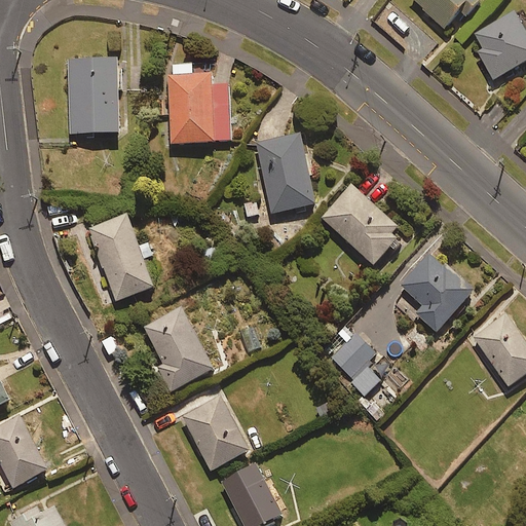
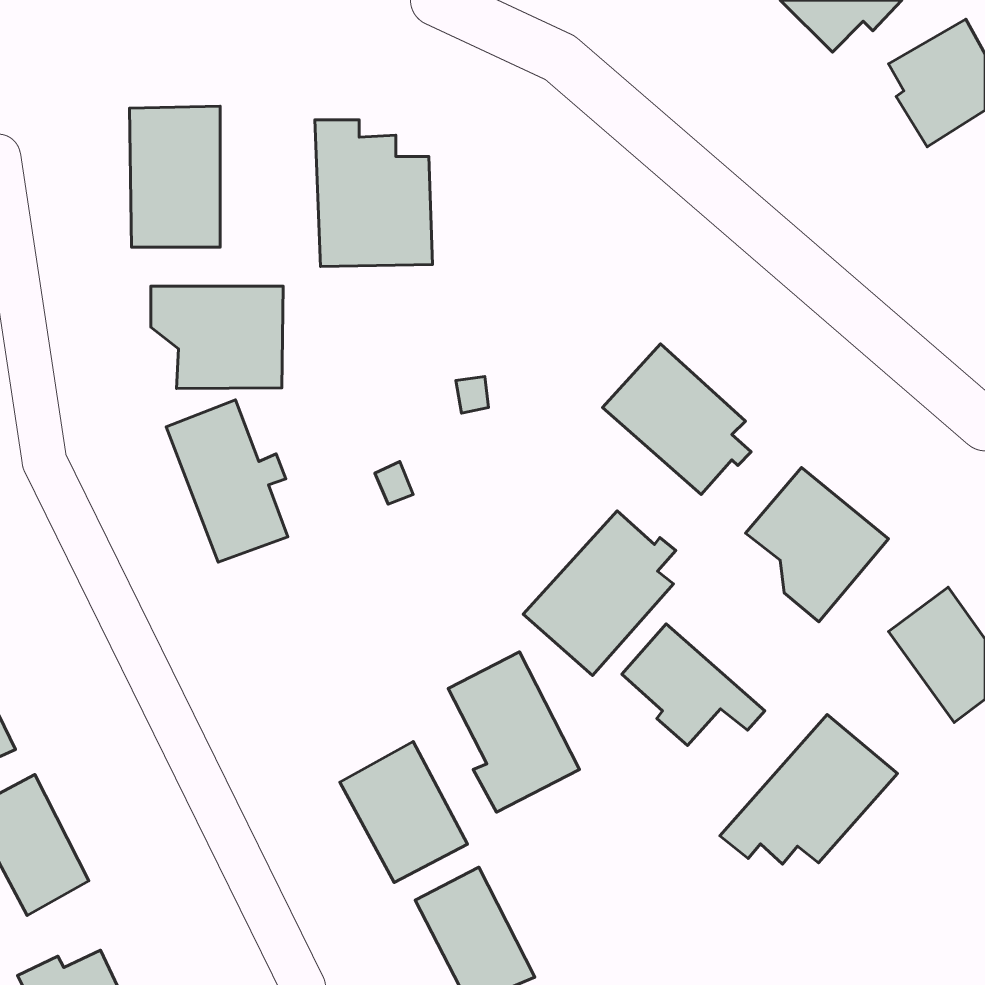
building: [253,134,322,214] -> none
building: none -> [151,286,283,389]
building: none -> [523,511,676,676]
building: [143,306,213,391] -> [448,652,579,812]
building: none -> [720,715,897,864]

